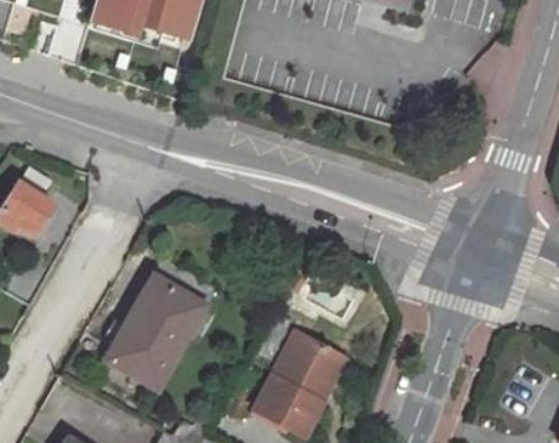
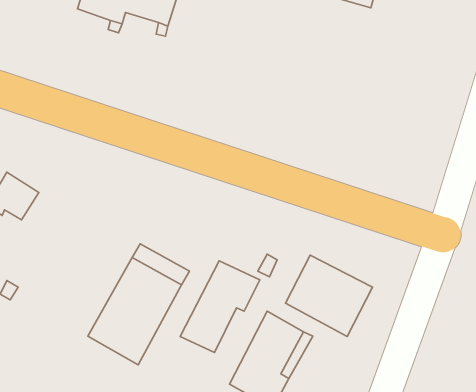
building: none -> [285,255,372,337]
building: none -> [180,261,260,353]

